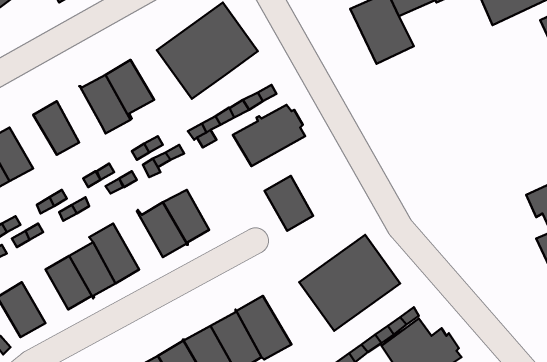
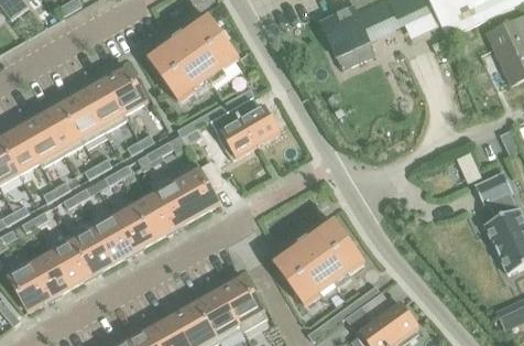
building: none -> [61,90,101,139]
building: none -> [19,115,61,162]
building: [265,176,313,231] -> [175,167,218,216]
building: none -> [110,199,154,253]
building: none -> [30,251,70,300]

